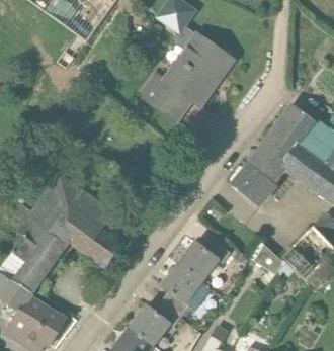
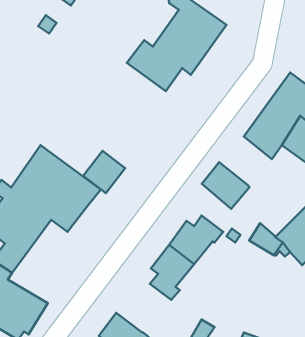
building: [232,163,276,206] -> [202,162,250,209]
building: [83,229,122,268] -> [83,151,125,193]
building: [129,300,180,346] -> none

